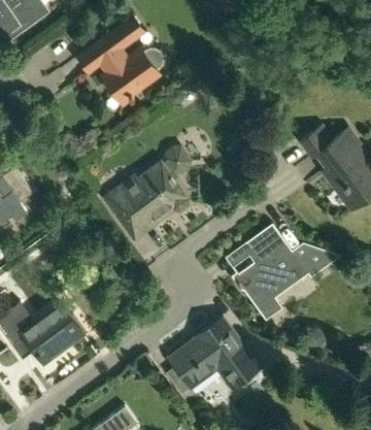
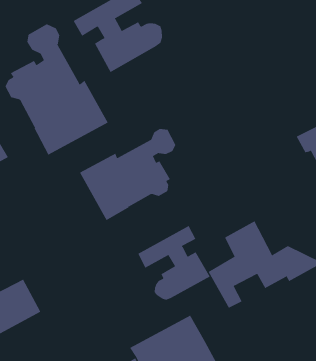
building: none -> [5,23,108,156]
building: none -> [137,225,210,300]

